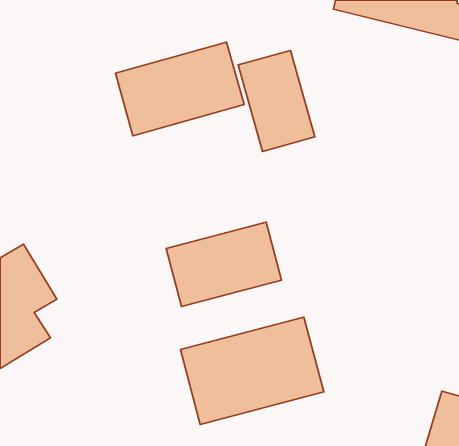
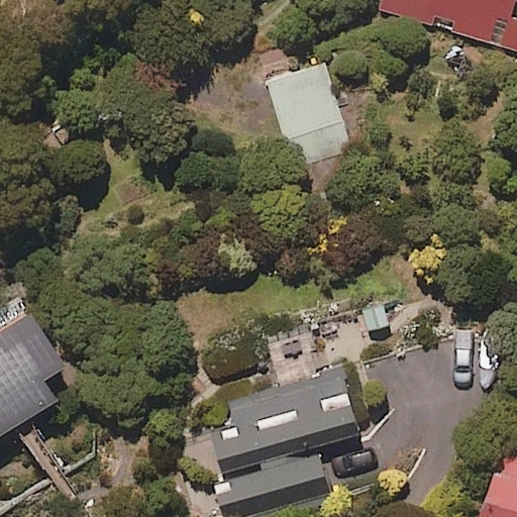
building: [115,42,244,136] -> none
building: [166,222,281,307] -> none

